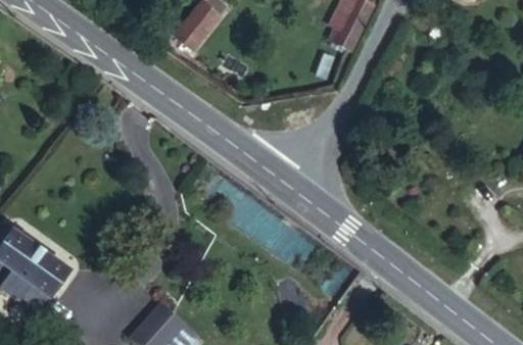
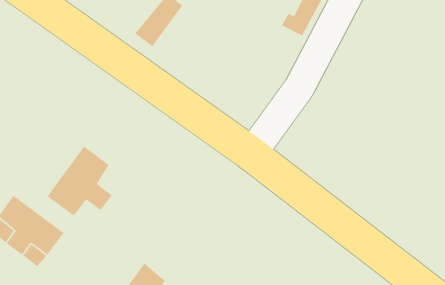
building: none -> [46,145,113,216]

